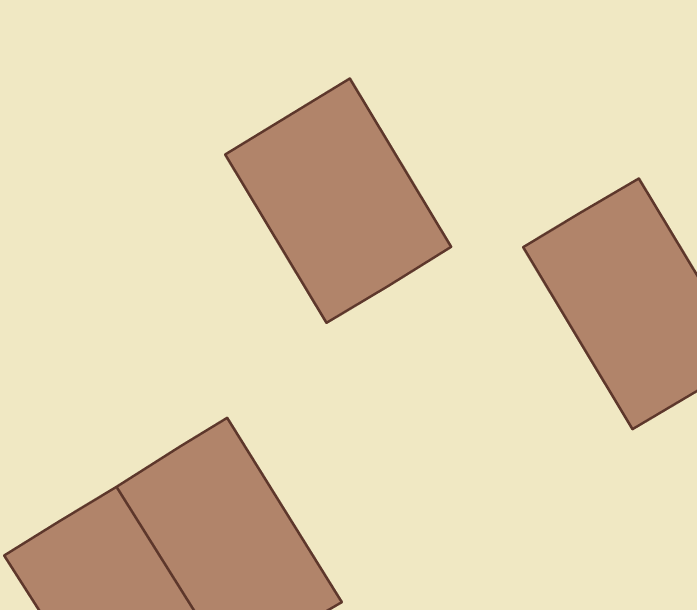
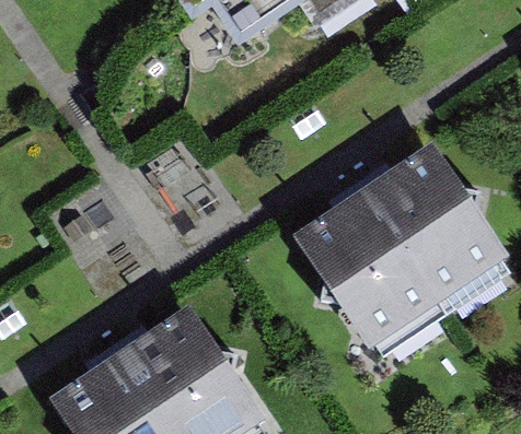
building: [225,79,451,323] -> none
building: none -> [294,189,437,343]

